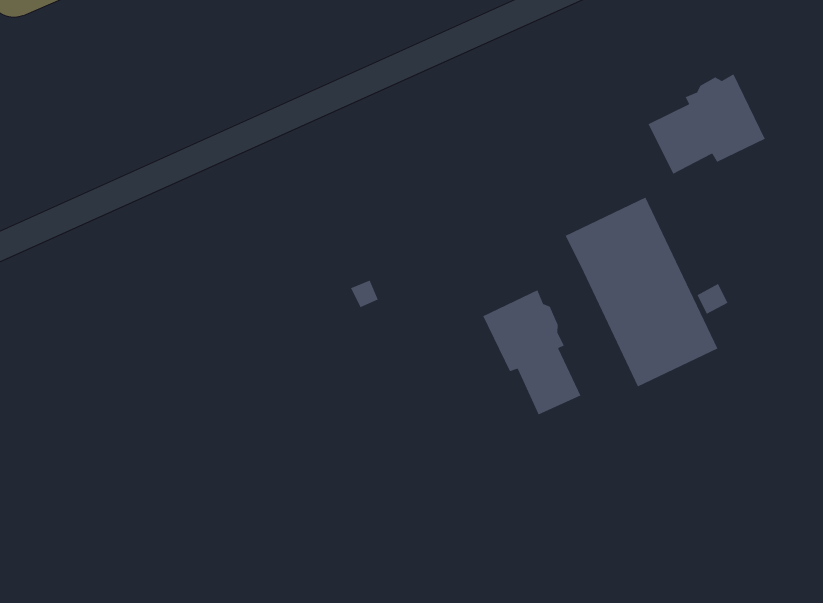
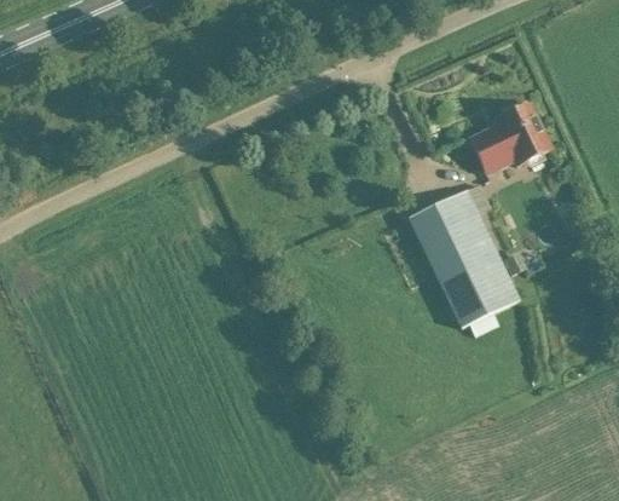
building: [482,289,581,416] -> none

